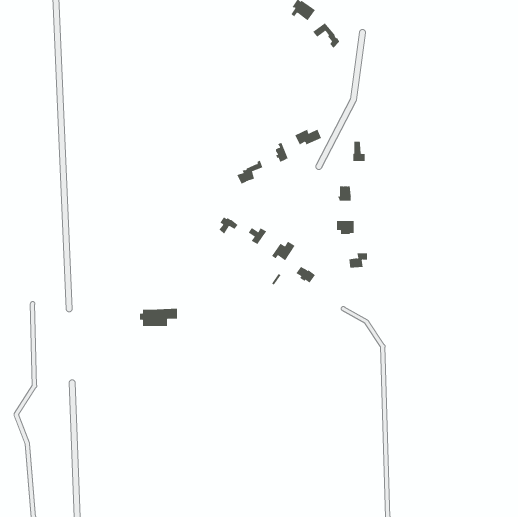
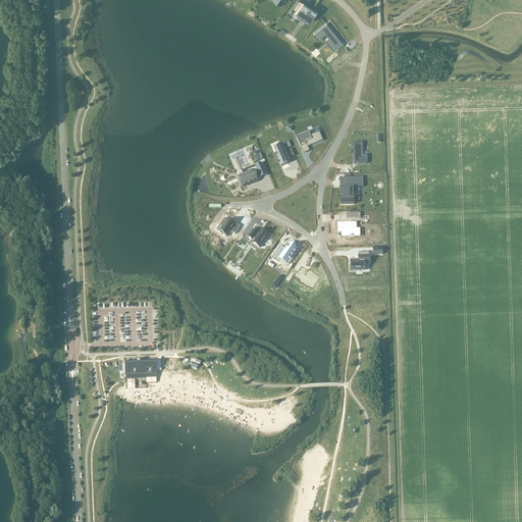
building: [139,308,178,326] -> [123,358,162,376]

